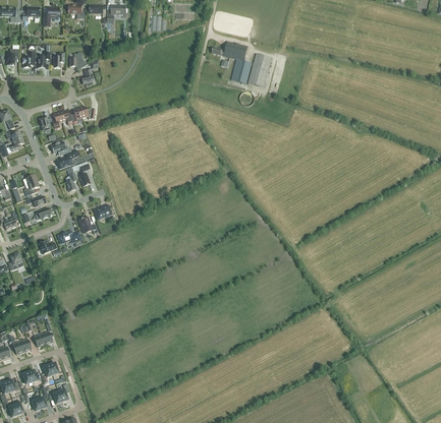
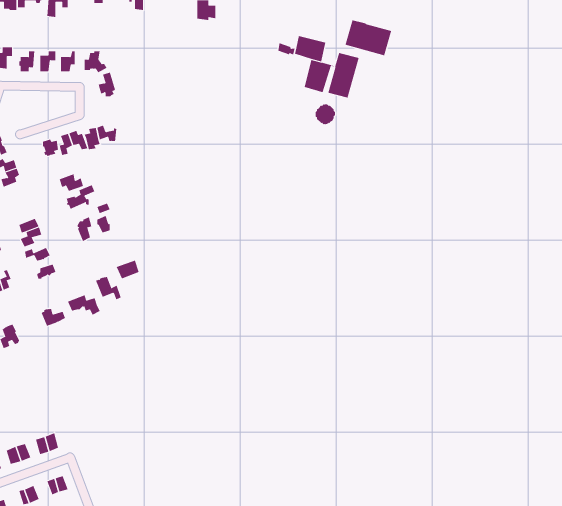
building: none -> [345,20,392,56]

